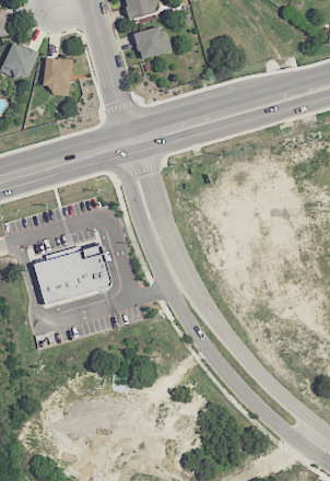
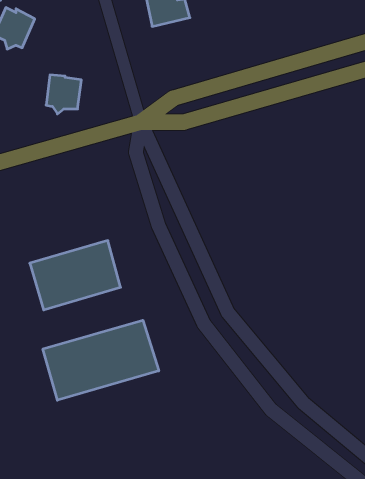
building: [42,58,72,92] -> [46,75,81,114]
building: none -> [43,320,159,400]

